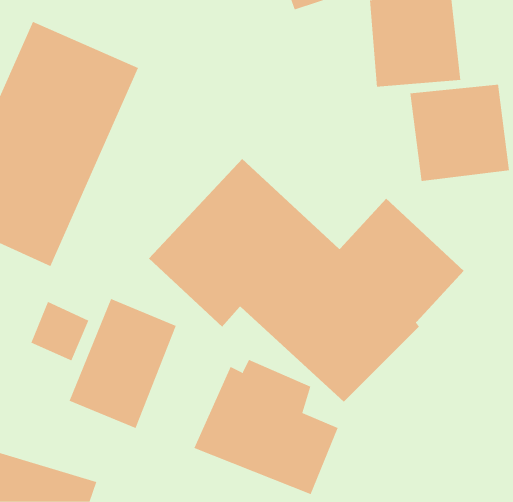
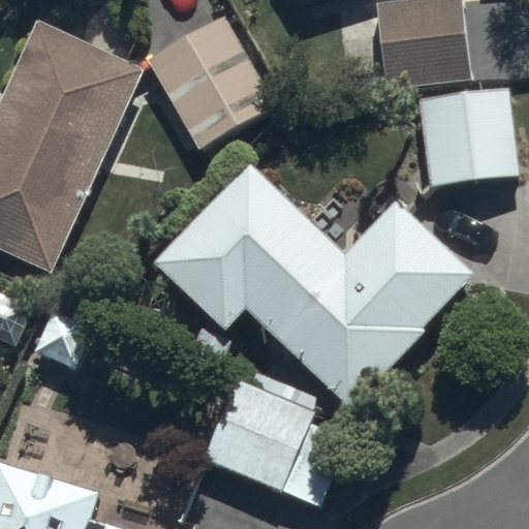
building: none -> [146,17,277,150]
building: [69,298,176,429] -> none

